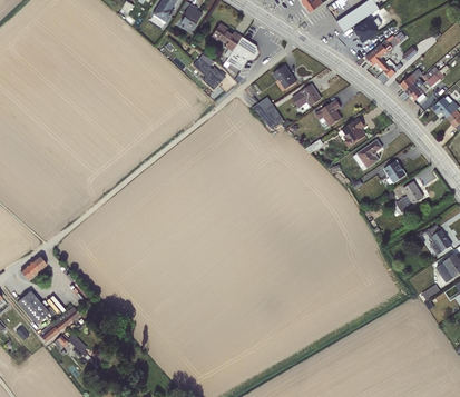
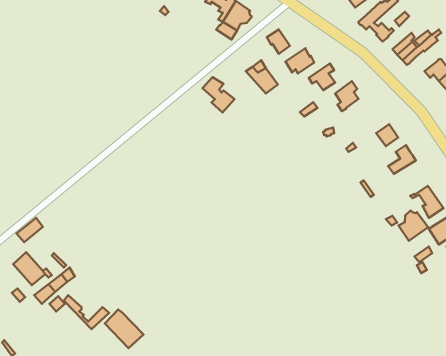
building: [193,53,225,89] -> [203,77,235,113]
building: [353,139,382,170] -> none
building: none -> [398,211,428,241]
building: none -> [105,309,143,348]

